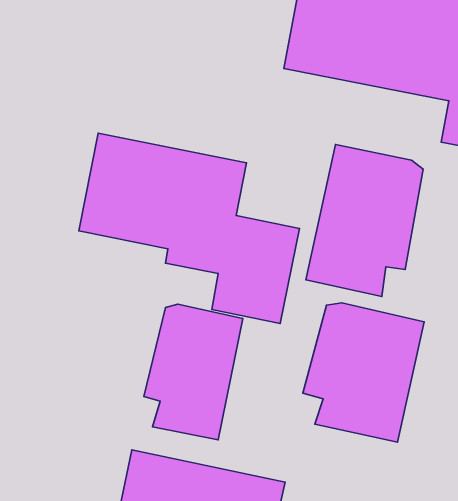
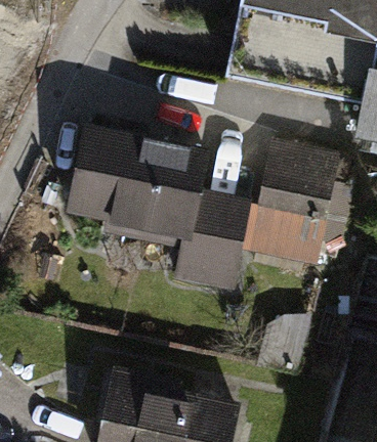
building: [303,303,424,442] -> none
building: [144,304,243,440] -> none

